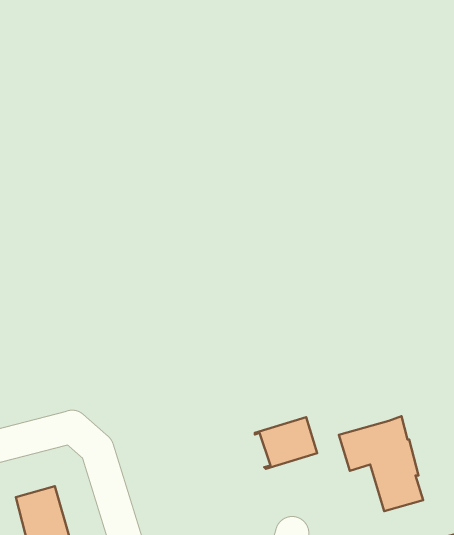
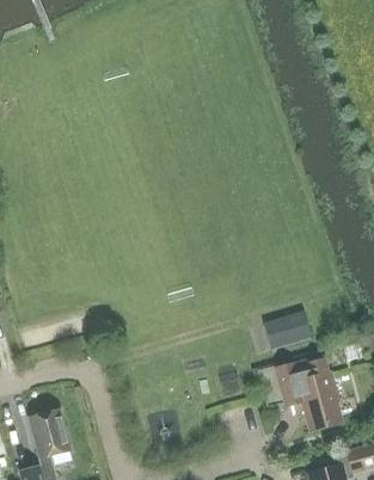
building: [255,417,317,469] -> [263,310,311,350]

